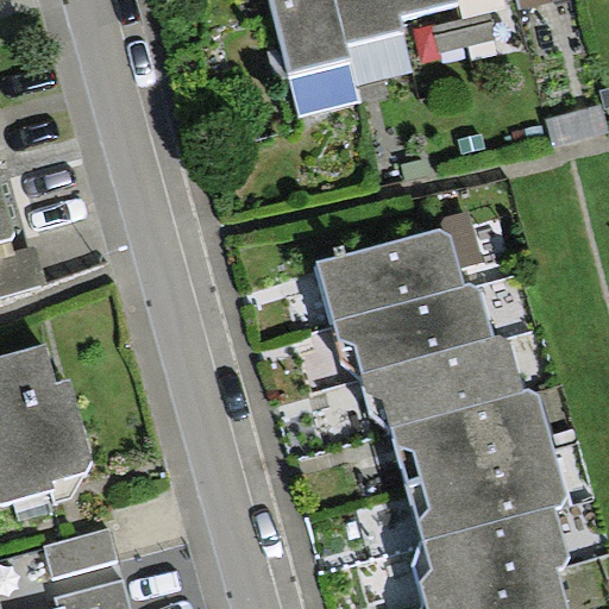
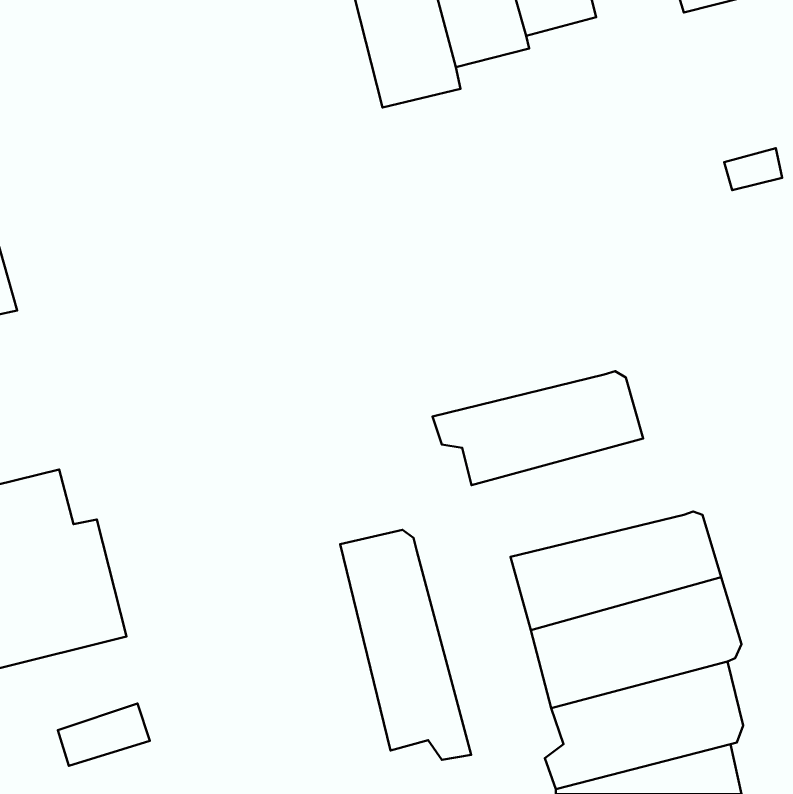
building: [313,227,460,318] -> none
building: [359,332,521,425] -> none
building: none -> [340,530,471,760]

